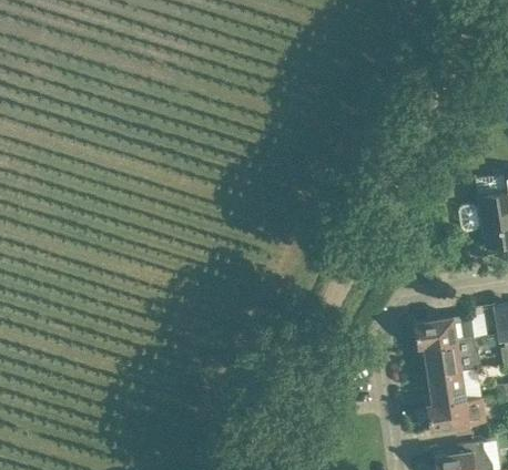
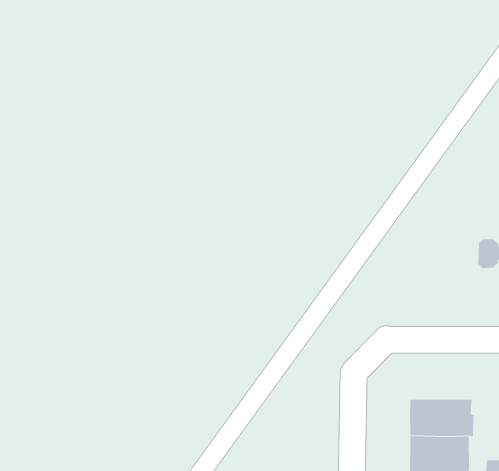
building: [413,315,474,347] -> none

